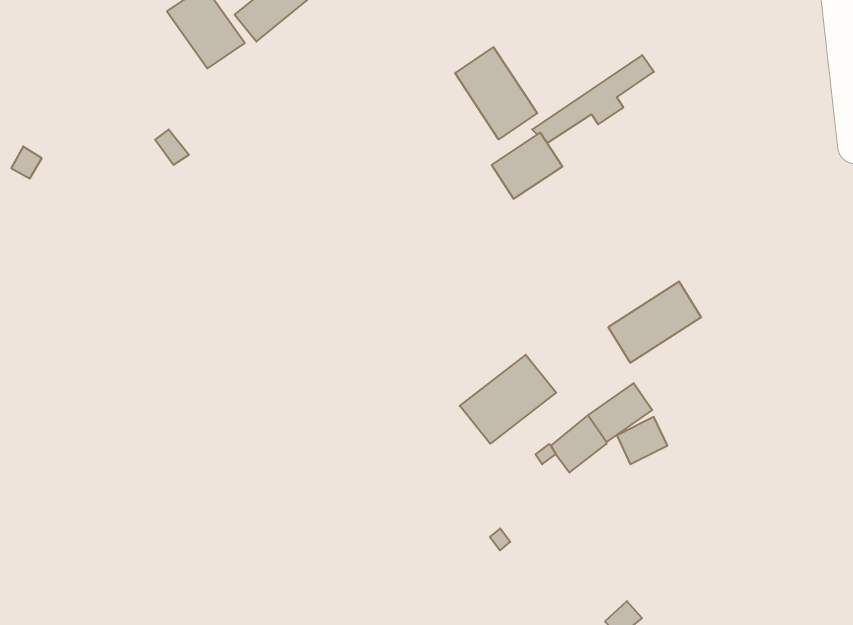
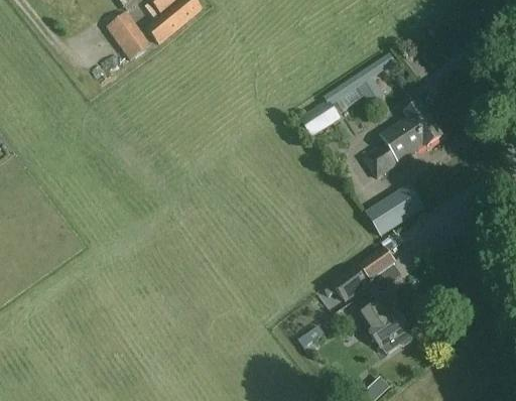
building: [455,47,537,139] -> none
building: none -> [363,102,441,177]
building: [460,355,556,444] -> none
building: none -> [360,301,412,348]

